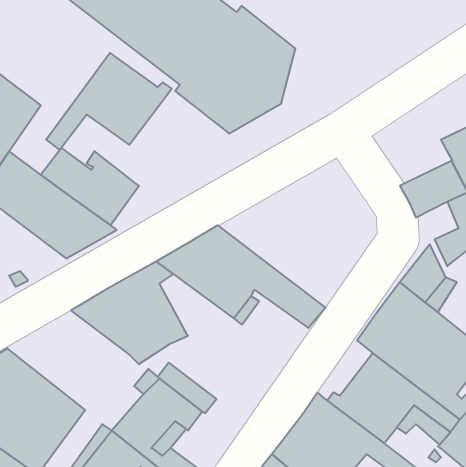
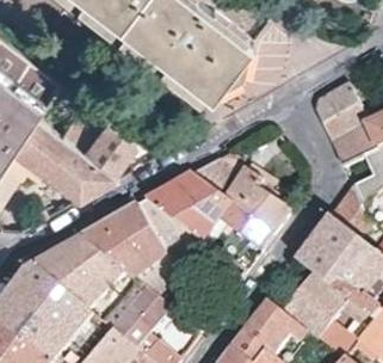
building: [46,53,172,150] -> none
building: none -> [314,87,367,147]
building: none -> [191,162,290,239]
building: none -> [32,241,124,325]

